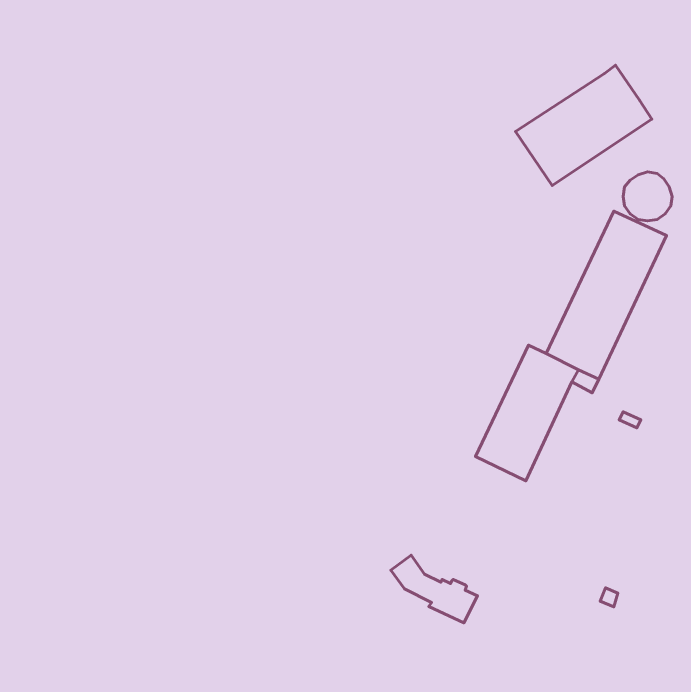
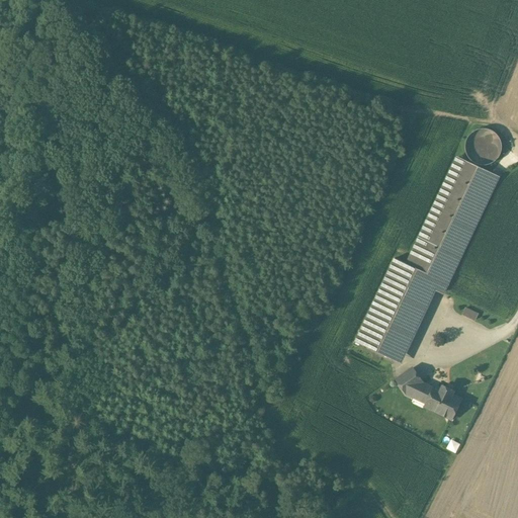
building: [516,65,652,186] -> none
building: [391,555,477,623] -> [398,368,462,419]

